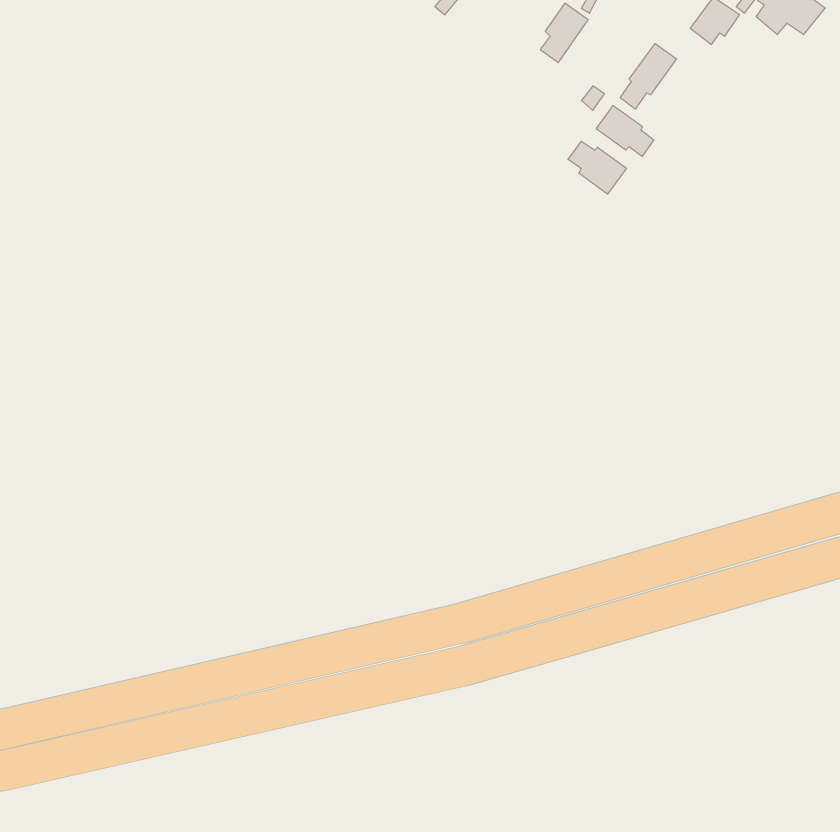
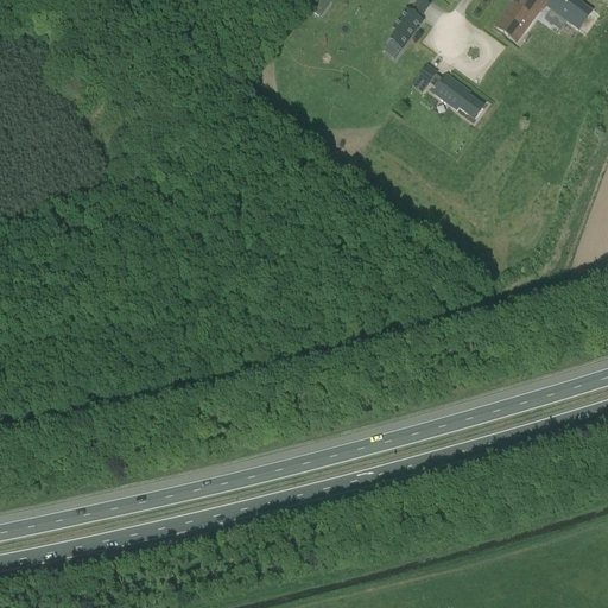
building: [620,43,676,109] -> none
building: [568,141,626,194] -> none

